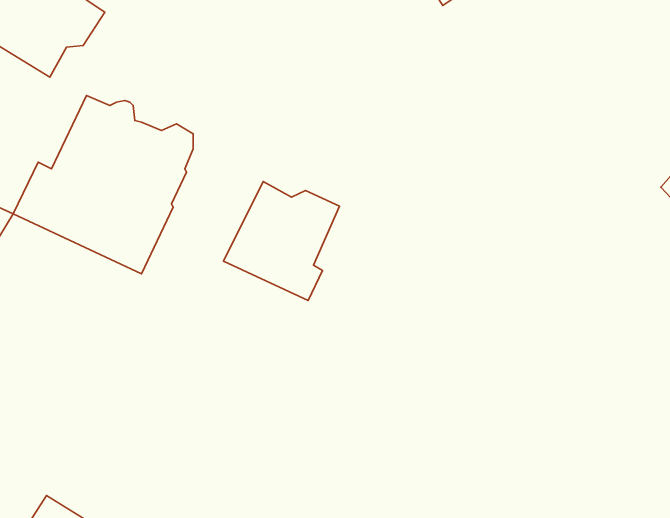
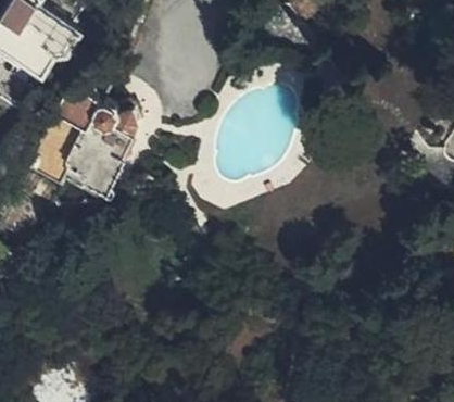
building: [224,182,339,301] -> none

